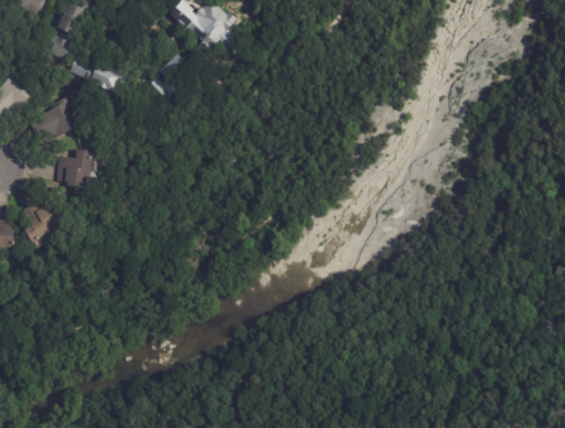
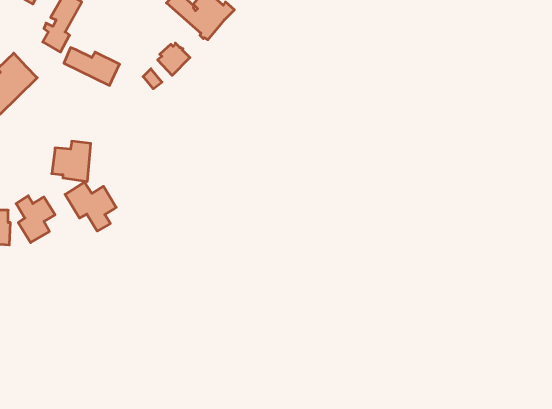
building: [29,95,85,143] -> none
building: none -> [65,182,116,231]

